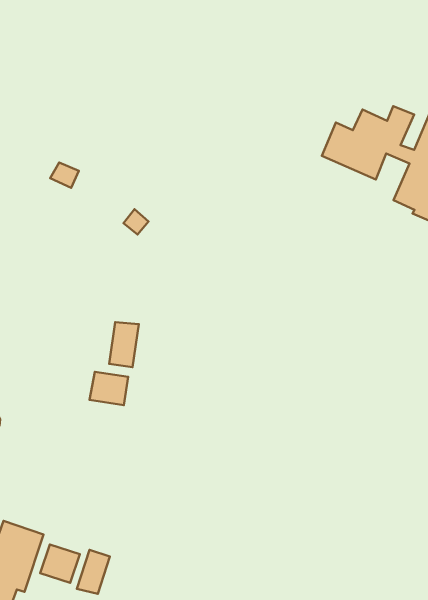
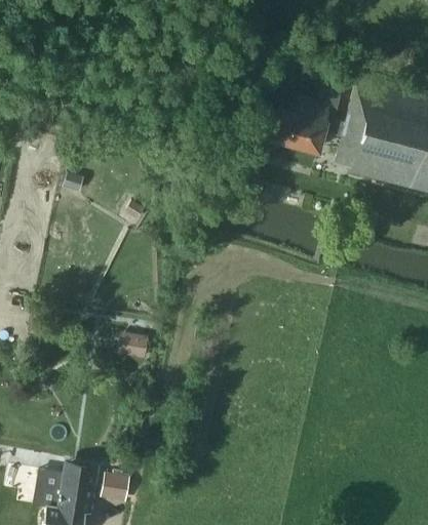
building: [109,322,139,367] -> none
building: [77,550,110,594] -> none

